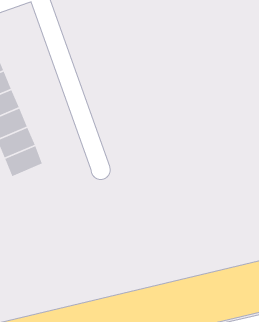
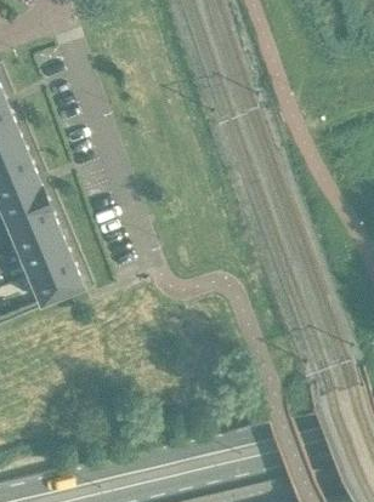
building: none -> [29,261,83,304]

